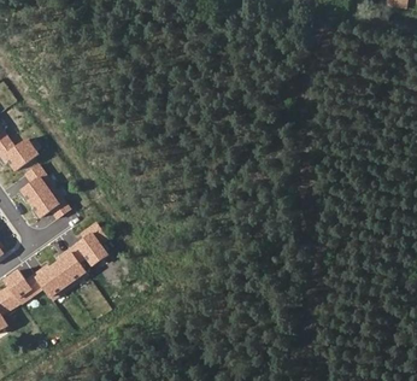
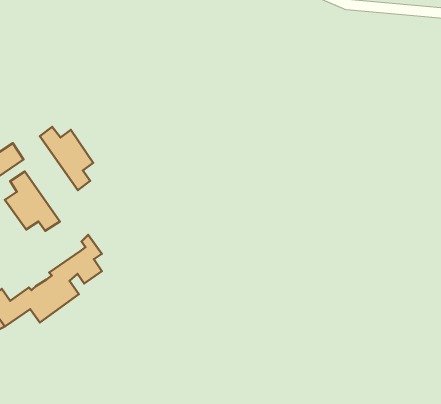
building: none -> [40,127,93,190]

